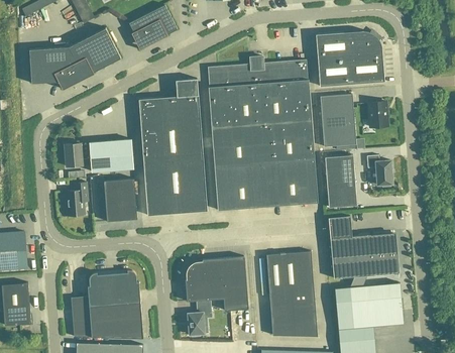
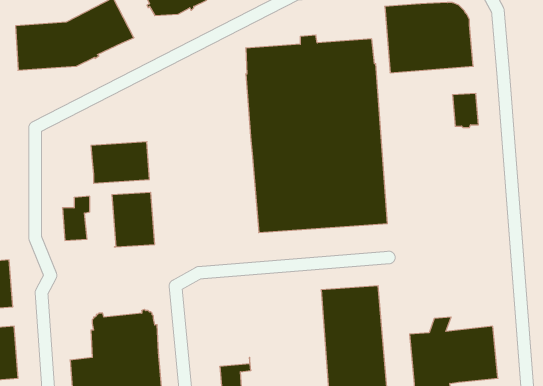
building: [138,79,213,216] -> none
building: [320,94,356,146] -> none
building: [65,141,90,166] -> none
building: [325,154,356,207] -> none
building: [367,155,392,187] -> none
building: [328,216,399,278] -> none
building: [186,256,248,311] -> none

